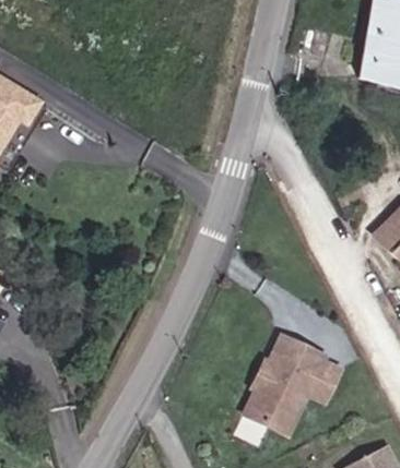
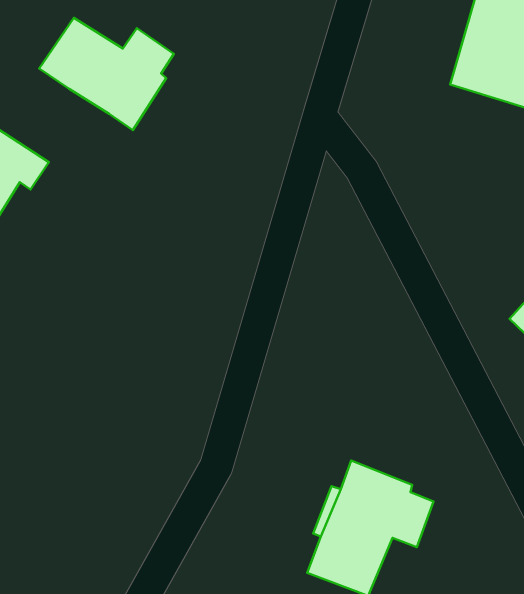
building: none -> [39,18,174,130]

